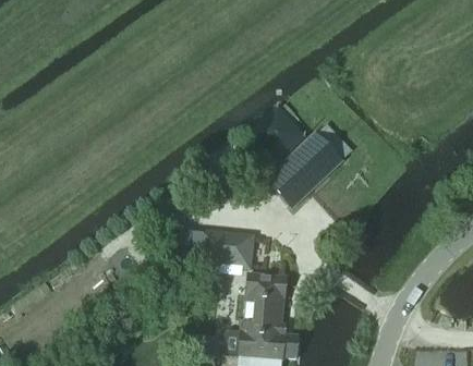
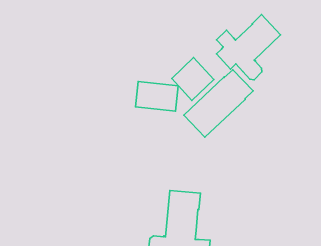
building: none -> [216,15,281,80]
building: [198,229,252,266] -> [135,81,178,111]

